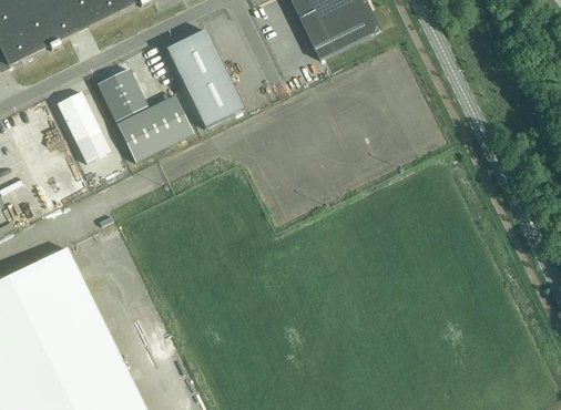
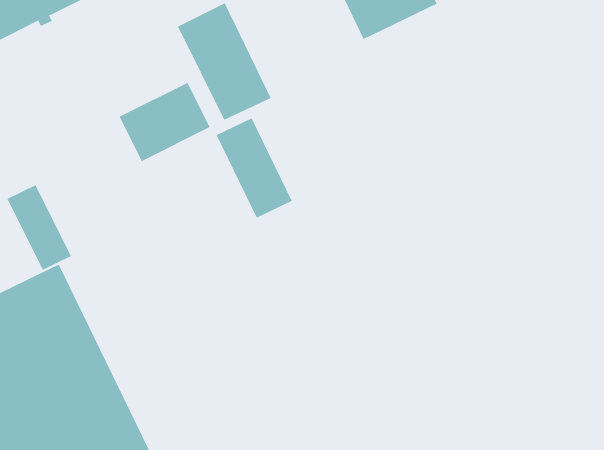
building: [96,68,147,122] -> none
building: [57,91,111,163] -> [7,184,72,271]
building: none -> [216,118,292,219]

